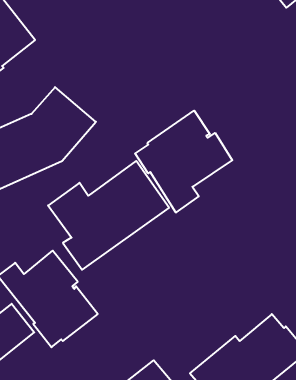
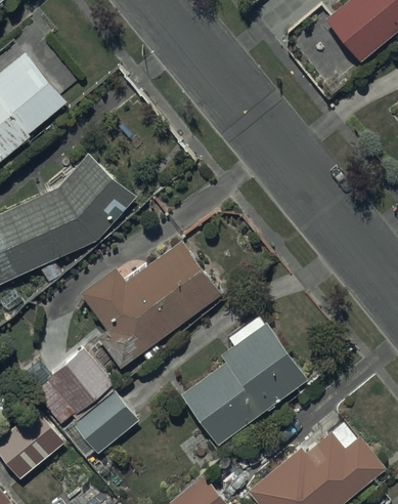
building: [135,111,232,213] -> none
building: none -> [179,317,309,447]

